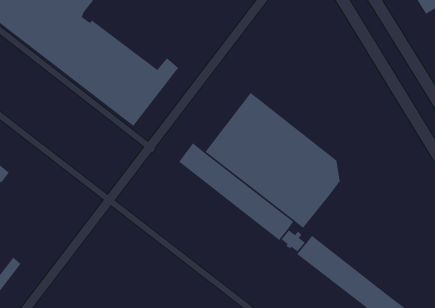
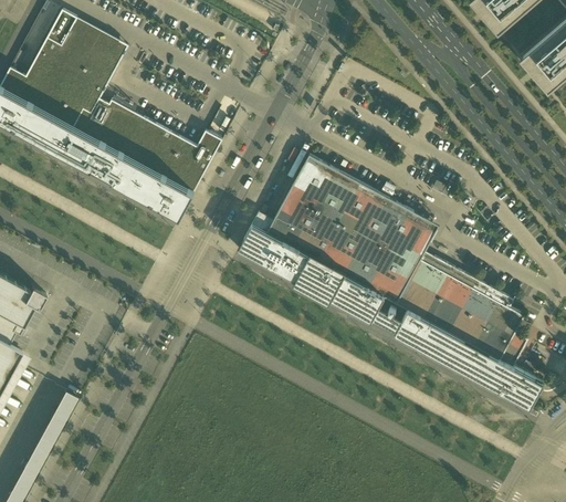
building: none -> [396,255,527,366]

